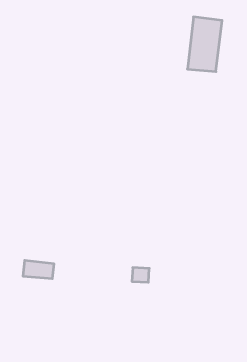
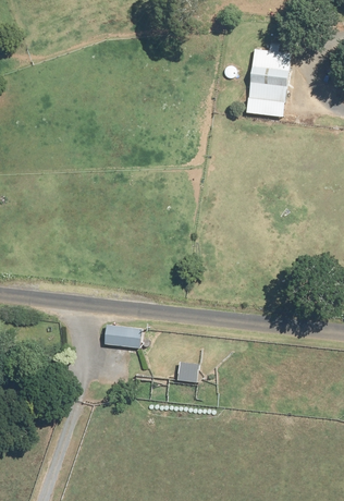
building: [23,260,54,279] -> [103,325,143,347]

